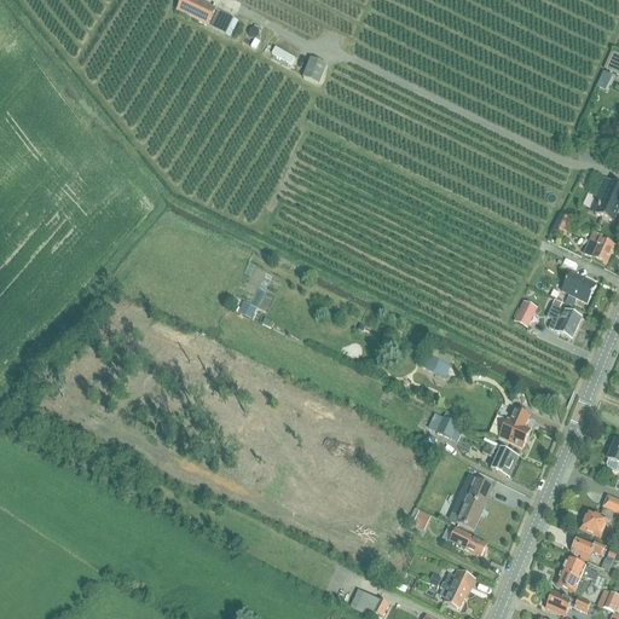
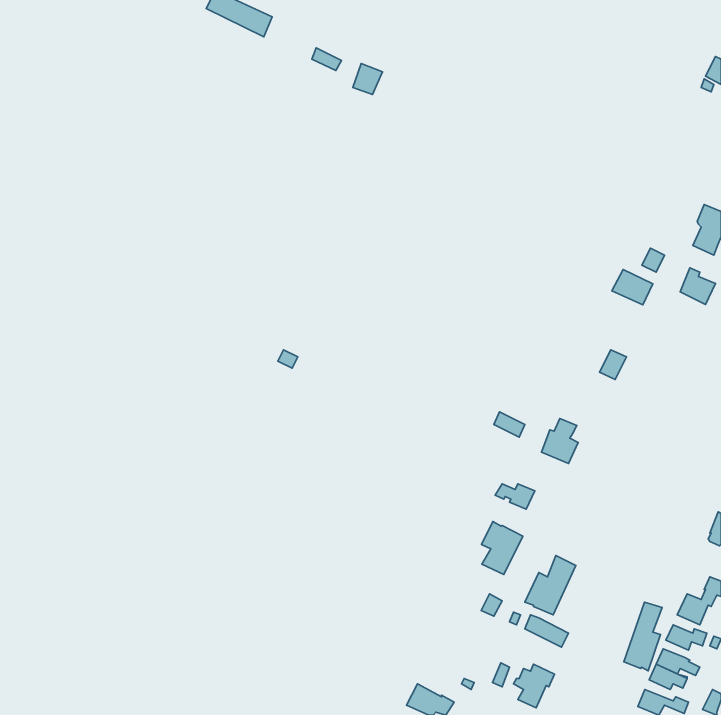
building: [561,271,596,301] -> [612,270,653,305]
building: [546,302,582,336] -> none
building: [501,407,532,446] -> [542,418,578,464]
building: [482,440,520,475] -> none
building: none -> [482,521,523,574]
building: none -> [624,602,662,671]

